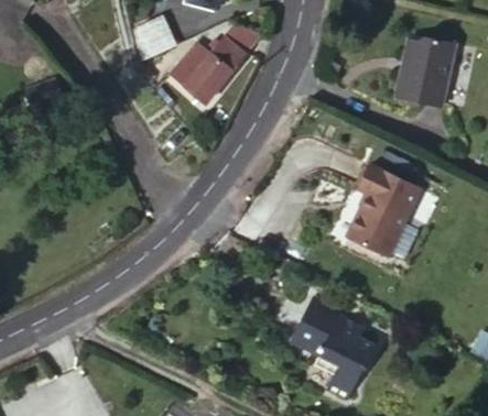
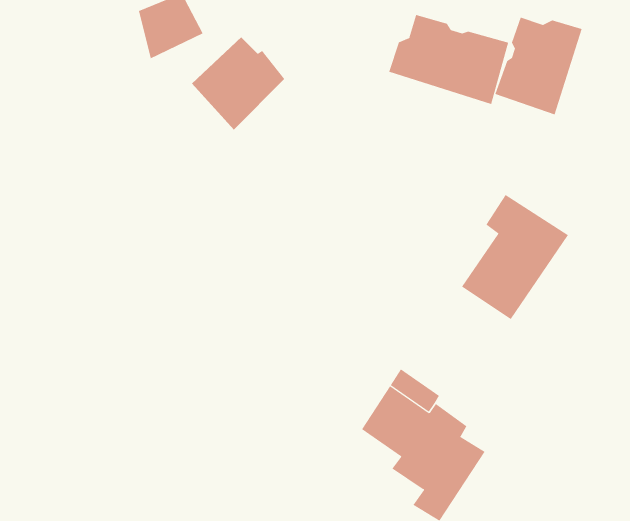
building: none -> [388,14,509,105]
building: [216,32,258,76] -> none

